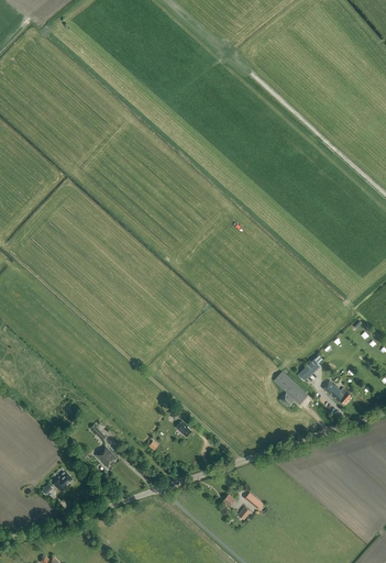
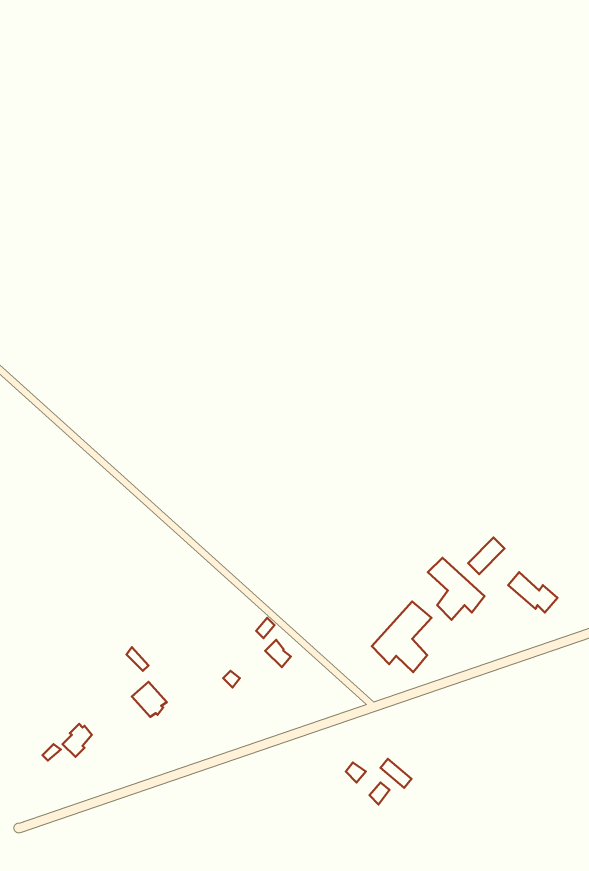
building: none -> [372,602,431,672]

